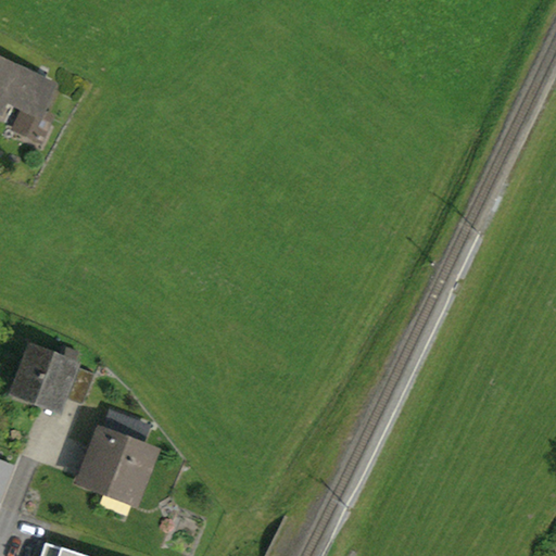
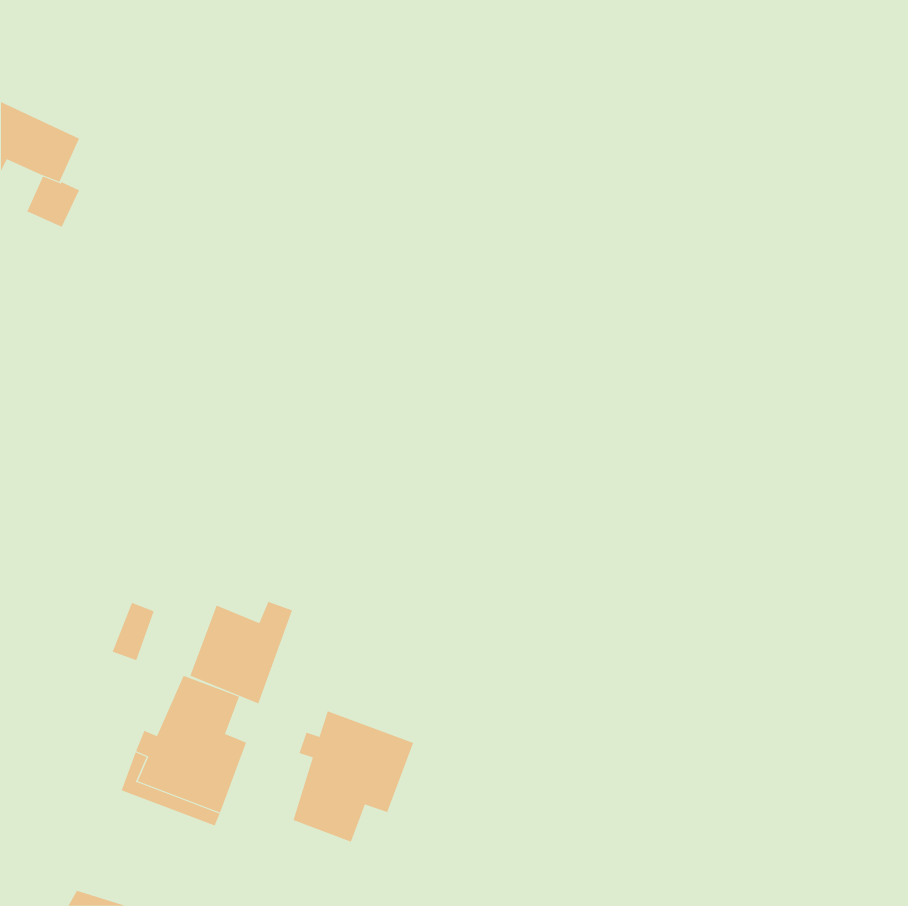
building: [15,346,78,409] -> [190,601,293,704]
building: none -> [293,711,414,842]

